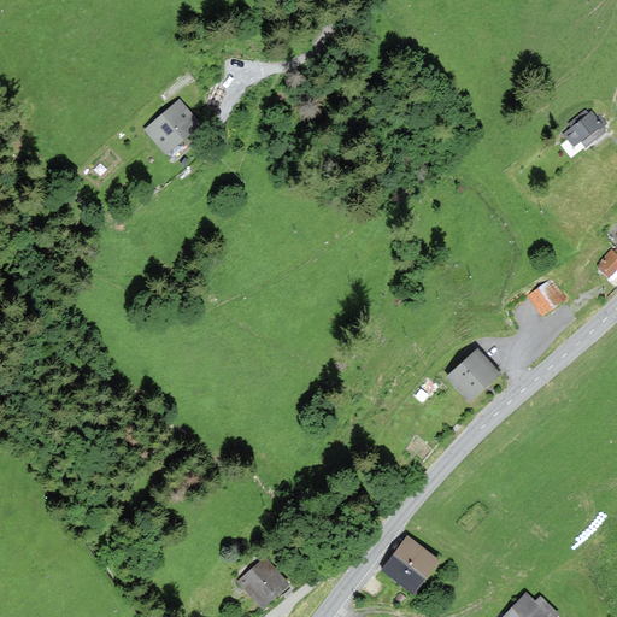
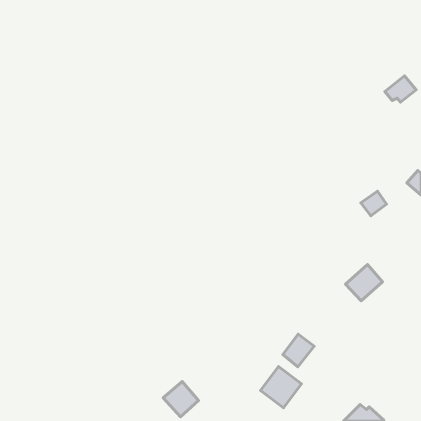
building: [140,100,190,148] -> none
building: [447,351,501,404] -> [345,265,382,301]
building: none -> [283,334,314,367]

